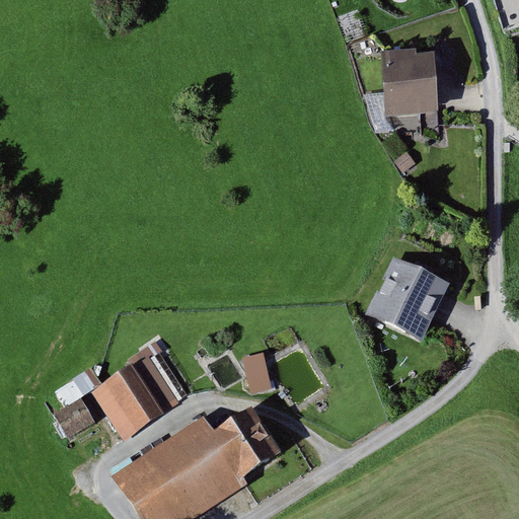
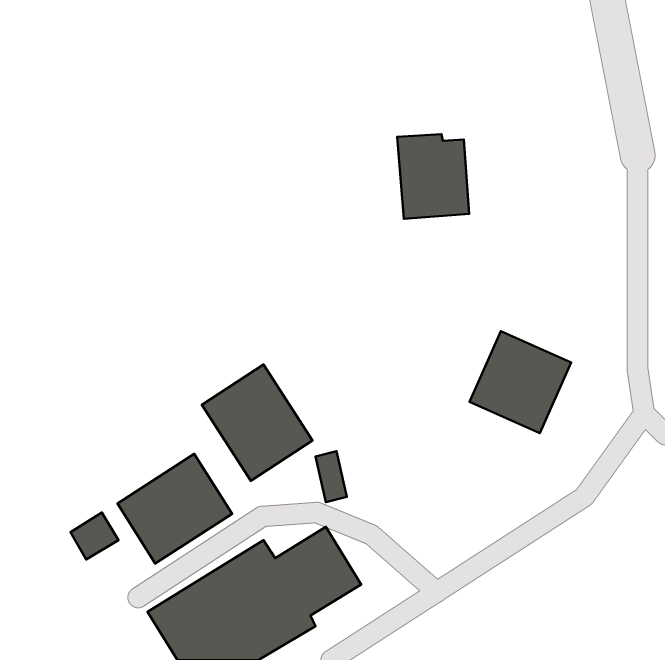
building: [381,52,437,118] -> [397,134,469,219]
building: none -> [202,364,313,481]

